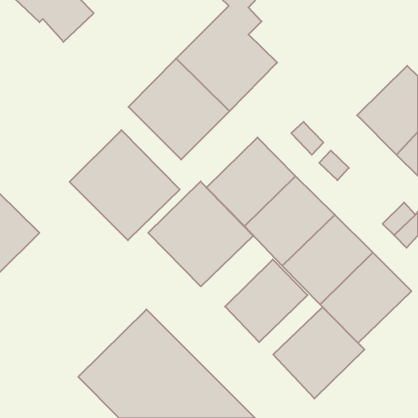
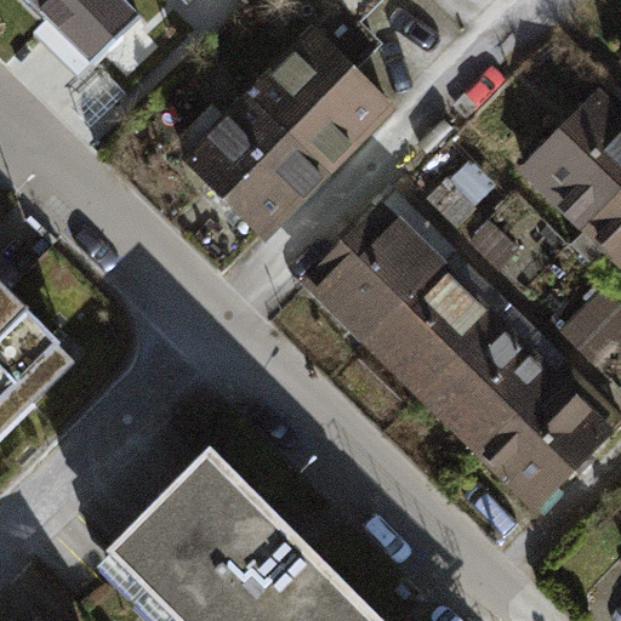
building: [70,130,180,240] -> none
building: [148,181,253,286] -> none
building: [225,259,308,342] -> none
building: [273,307,364,399] -> none

